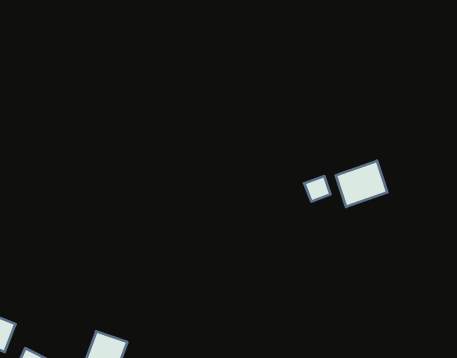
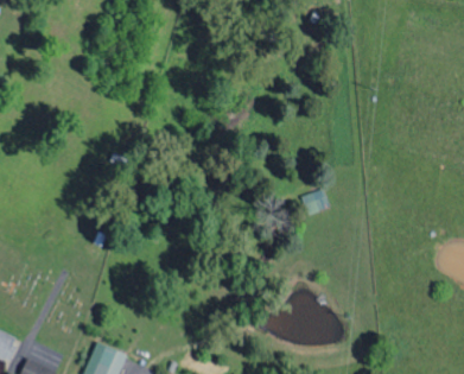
building: [336,161,387,207] -> none

